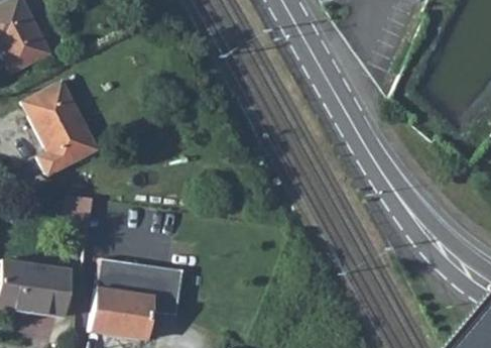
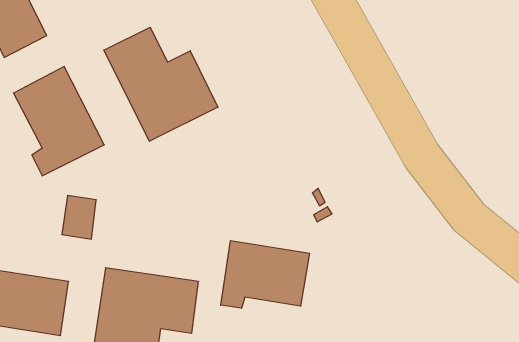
building: none -> [104,27,218,141]
building: none -> [221,241,309,308]

